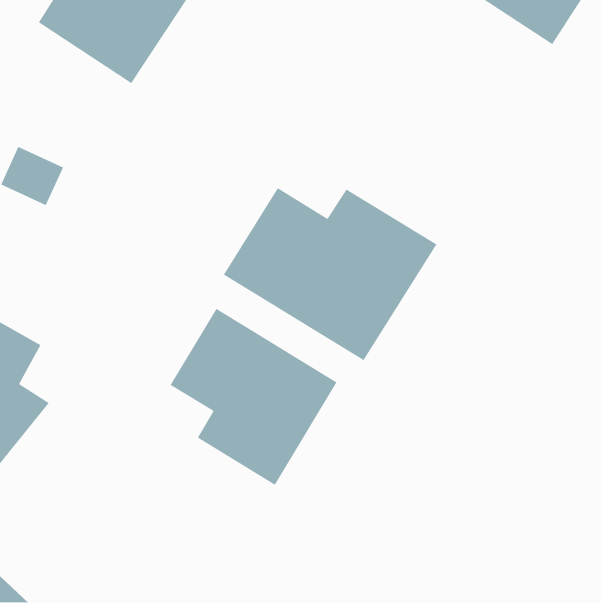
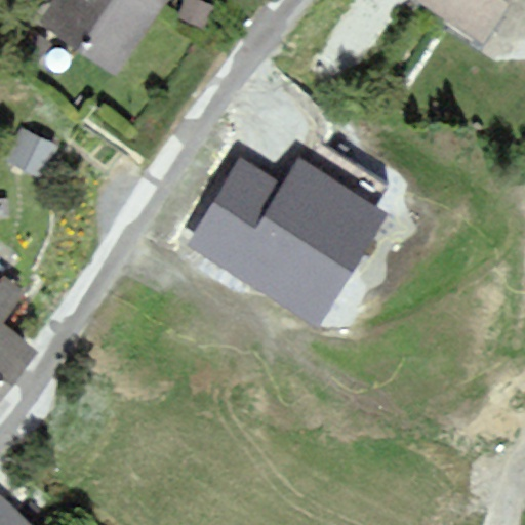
building: [169,308,337,486] -> none

